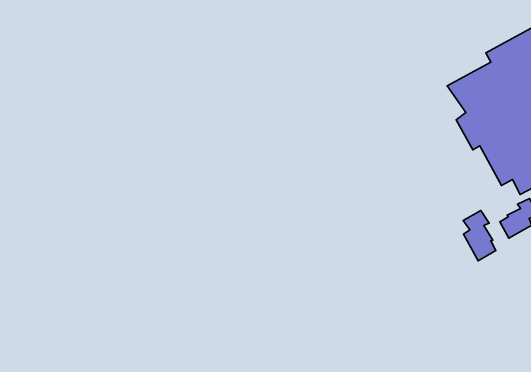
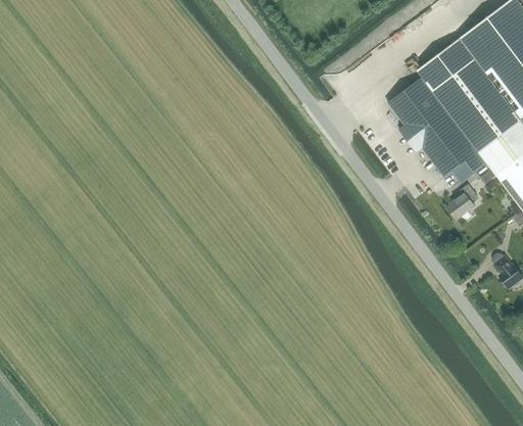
building: [463,210,496,261] -> none

